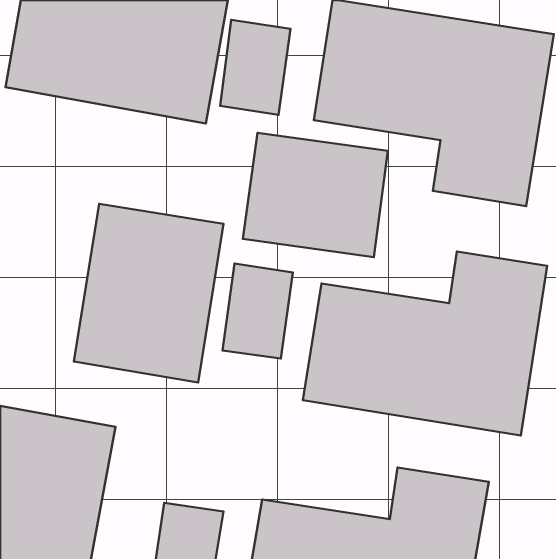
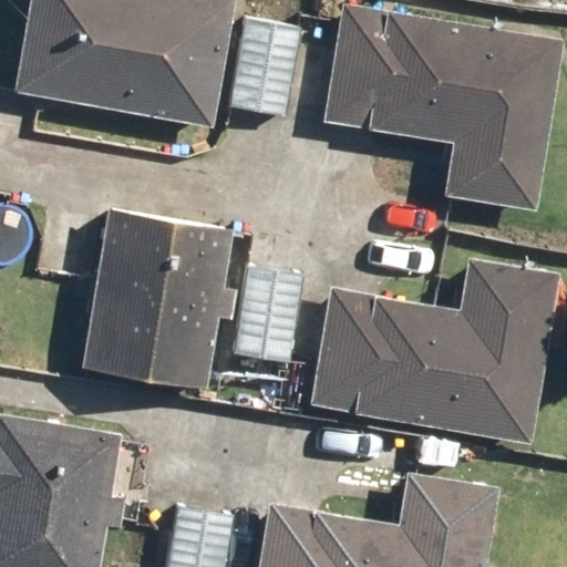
building: [243,133,388,257] -> none

